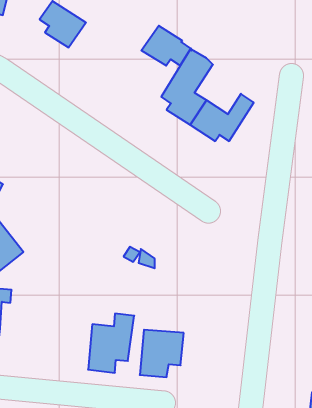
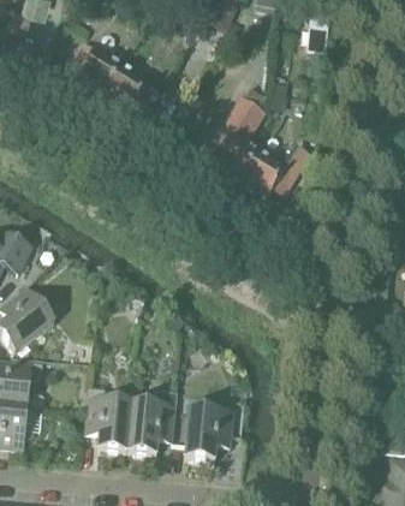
building: [141,26,191,66] -> [106,65,161,109]
building: none -> [85,388,132,452]

